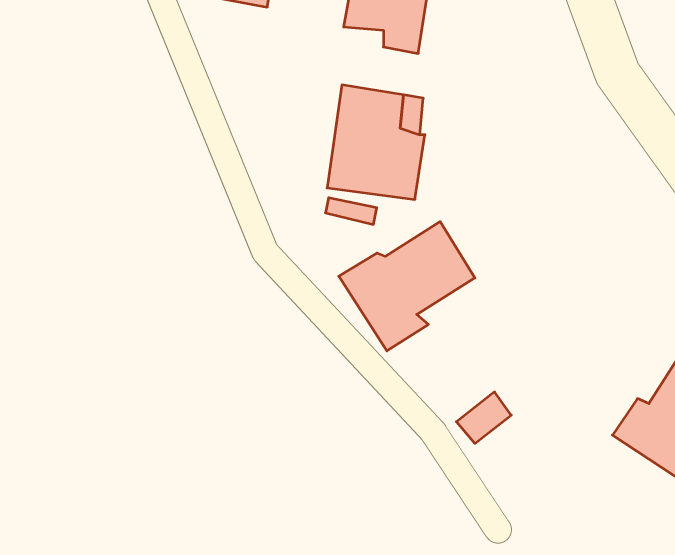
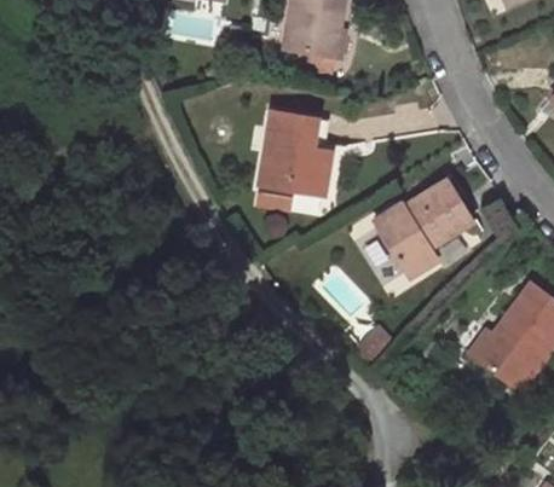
building: [339,222,475,351] -> [376,174,475,268]

